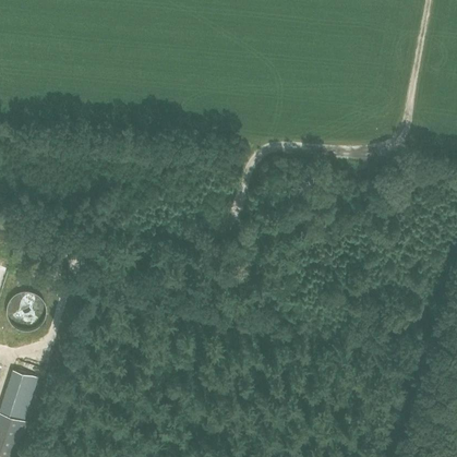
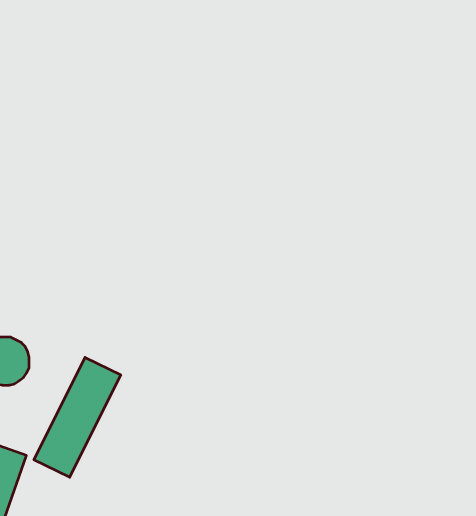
building: none -> [34,357,121,477]

